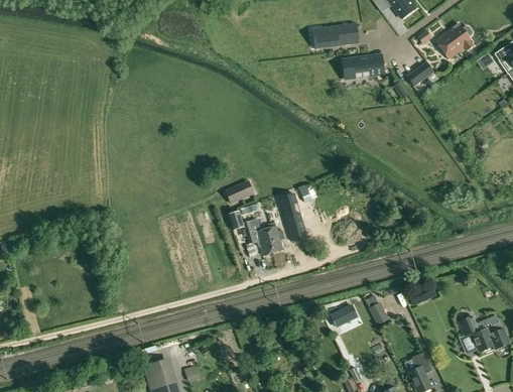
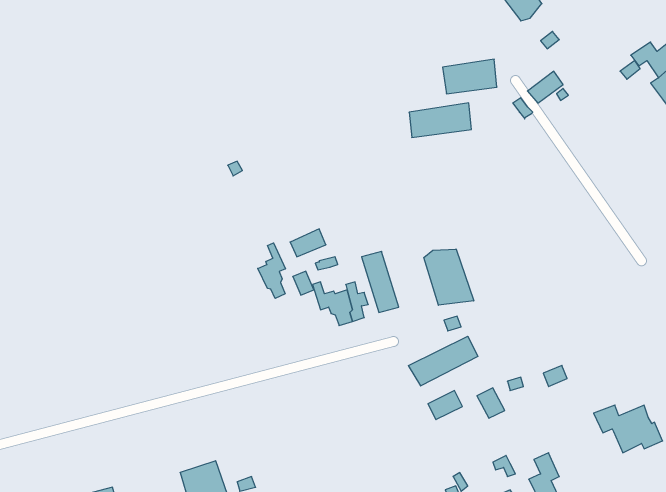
building: [311,20,359,46] -> [409,103,471,137]
building: [434,22,474,59] -> none
building: none -> [258,243,285,298]
building: none -> [424,249,474,305]
building: none -> [408,336,478,386]

